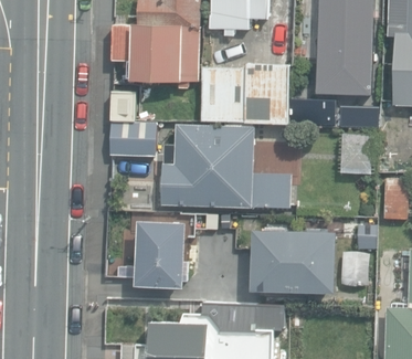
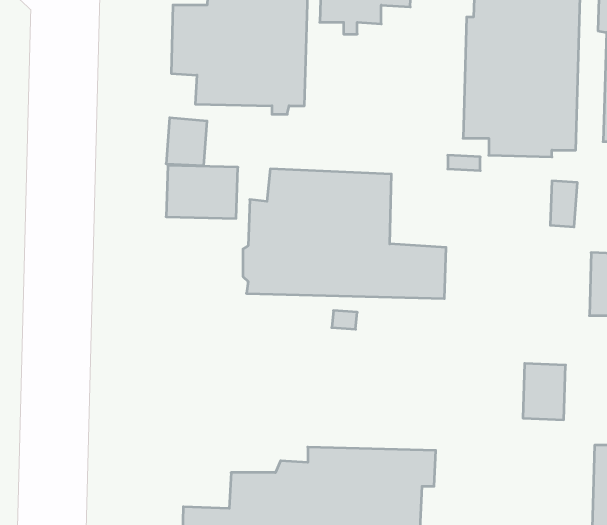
building: [202,63,288,124] -> none
building: [136,221,186,287] -> none
building: [253,229,337,296] -> none

